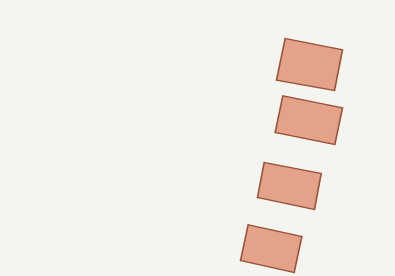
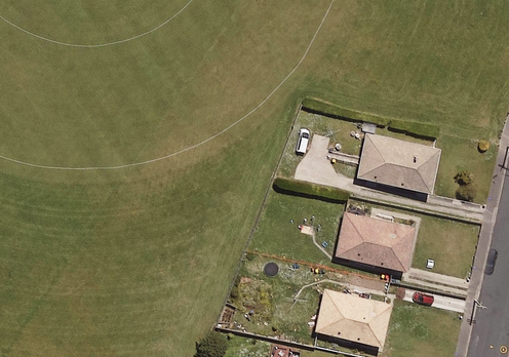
building: [277,38,343,91] -> none

